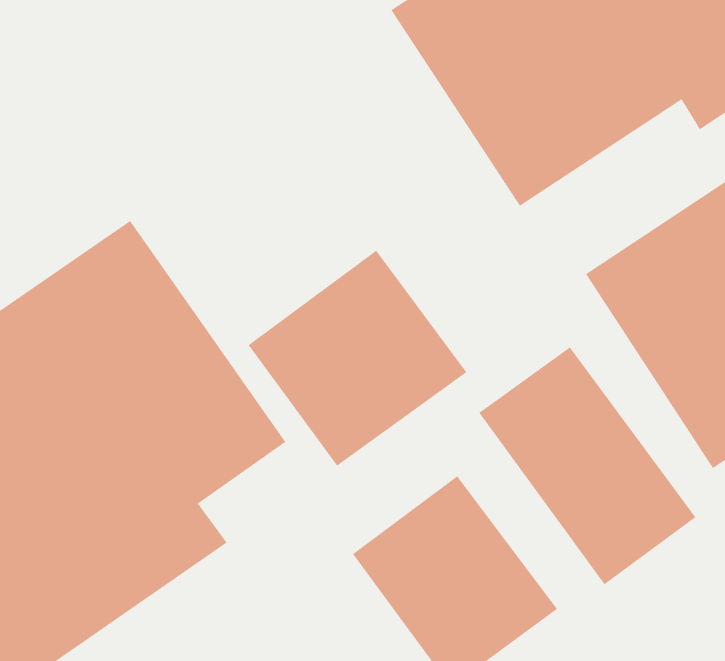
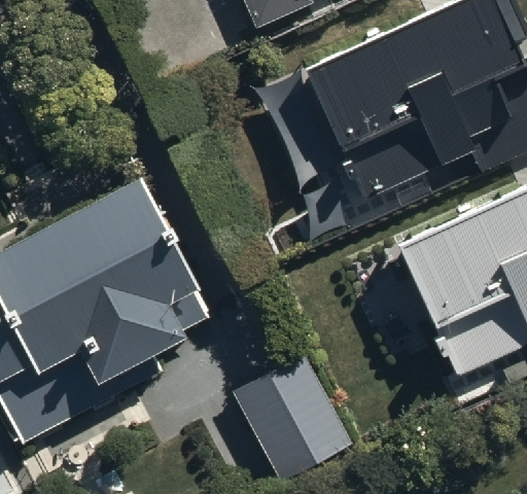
building: [248,250,467,467] -> none
building: [479,346,696,585] -> none

